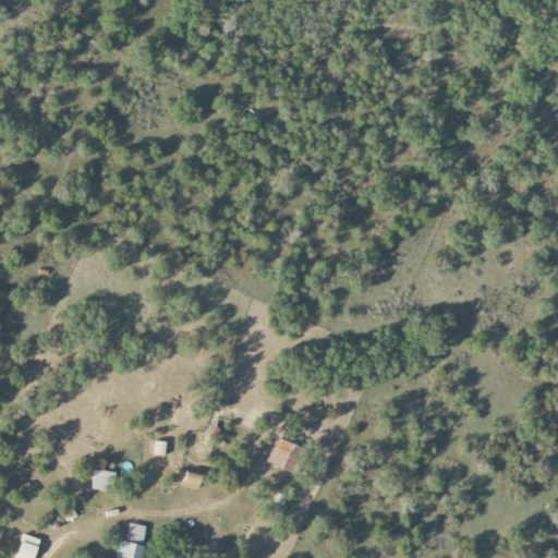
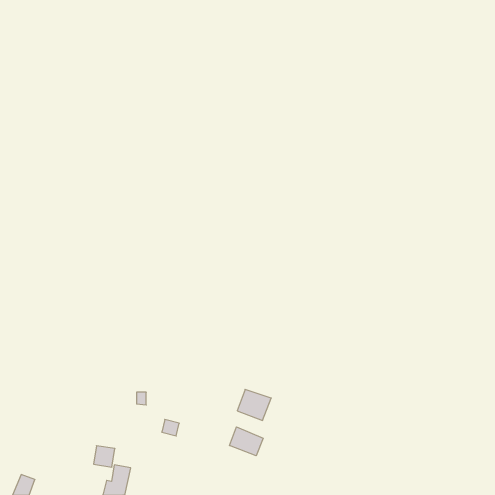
building: [90,469,114,493] -> [94,446,115,467]
building: none -> [230,427,263,456]

